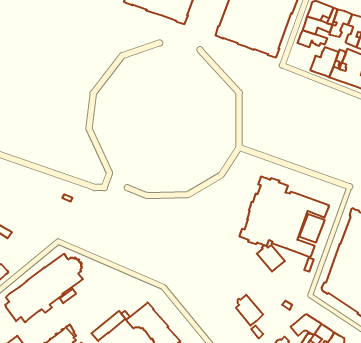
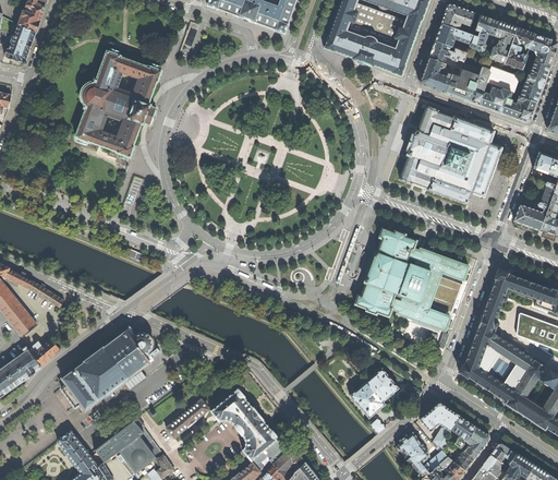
building: none -> [75,47,162,159]
building: none -> [420,58,451,93]
building: none -> [400,106,501,204]
building: [257,245,285,272] -> [363,368,399,401]

